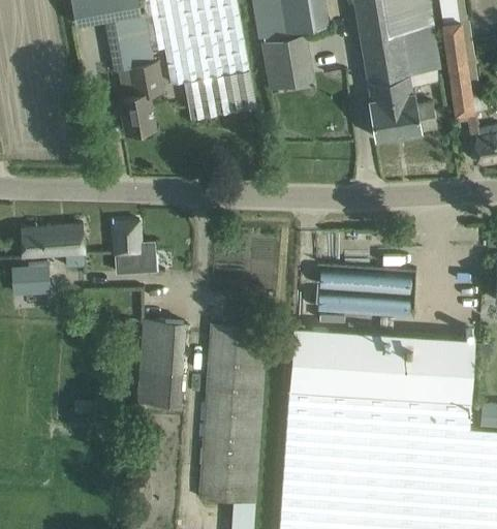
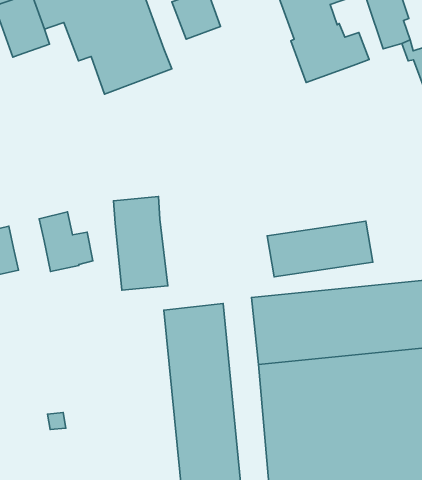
building: [119,51,164,132] -> none
building: [137,320,185,406] -> [114,197,168,290]

